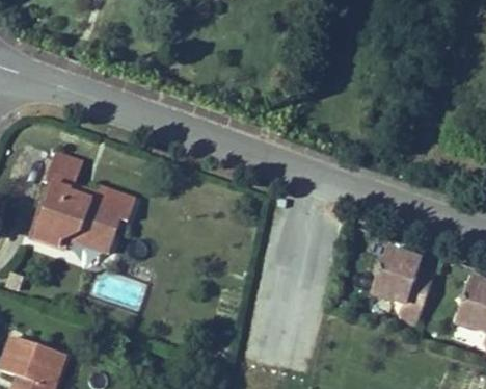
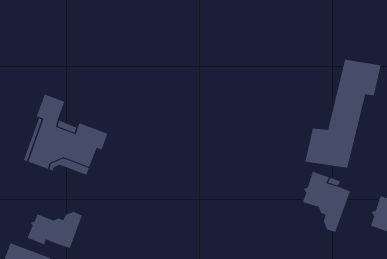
building: none -> [305,59,381,169]
building: none -> [27,211,82,249]

